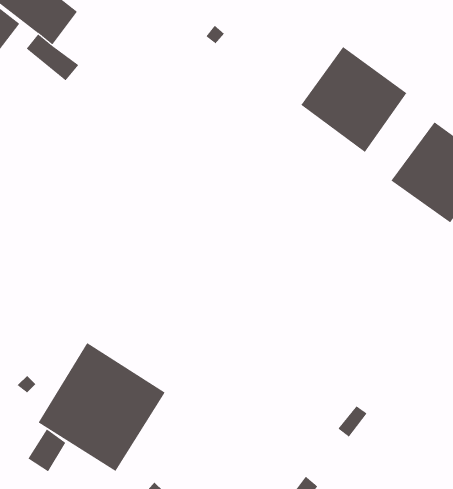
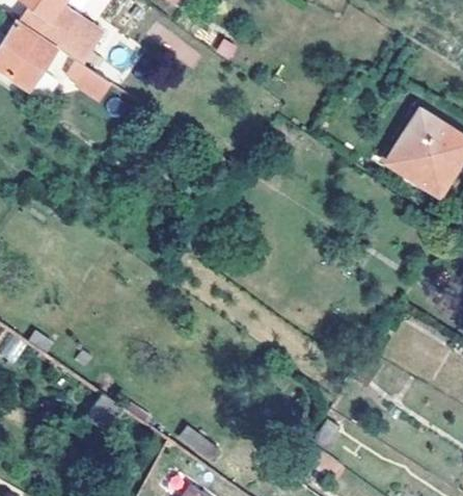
building: [300,46,407,153] -> none
building: [38,342,165,472] -> none

